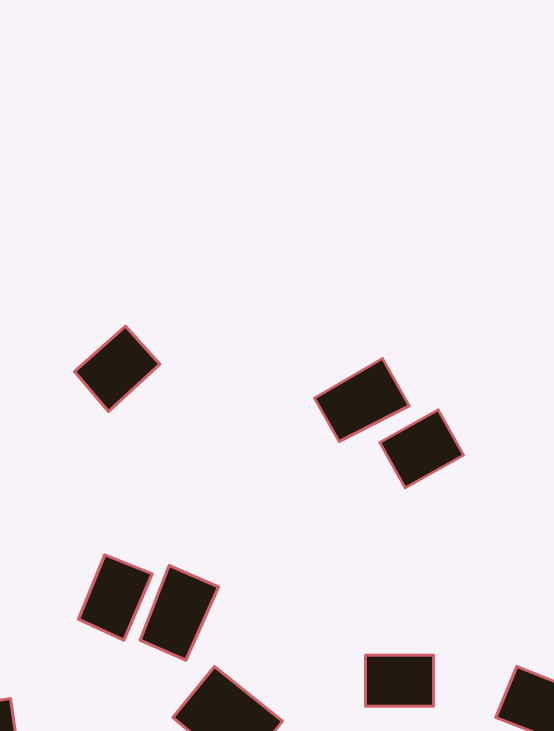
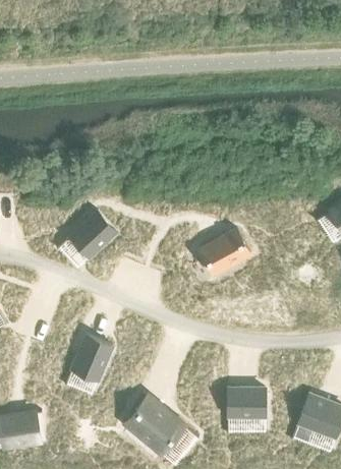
building: [380,410,463,488] -> none
building: [140,566,219,660] -> none

